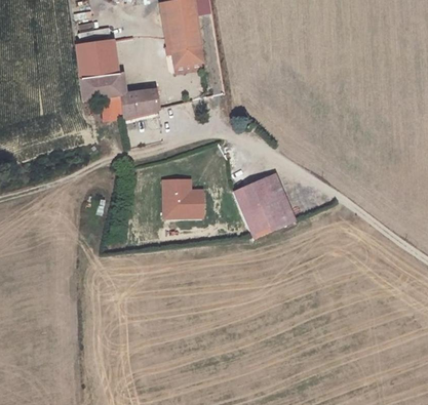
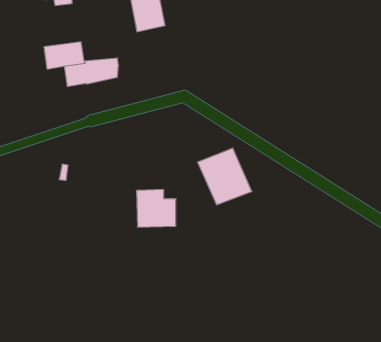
building: [76,38,118,77] -> none
building: [163,178,203,216] -> [136,190,176,227]

